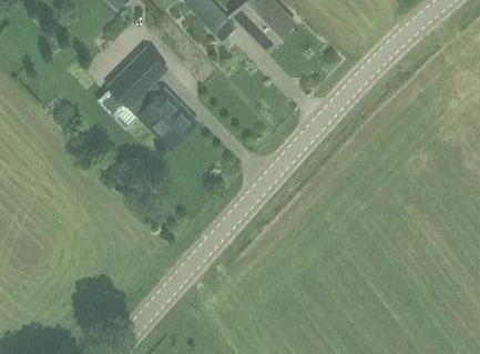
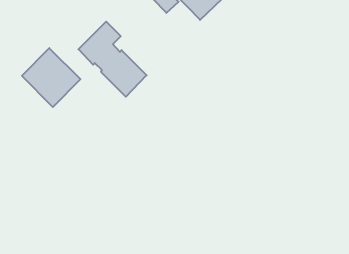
building: none -> [22,48,80,107]

